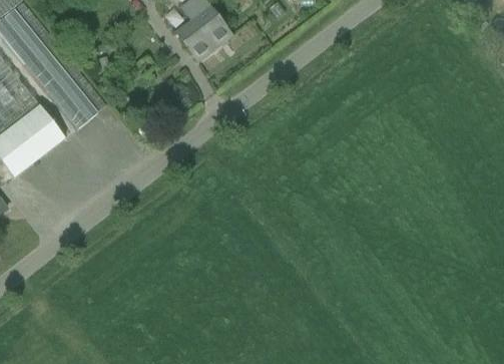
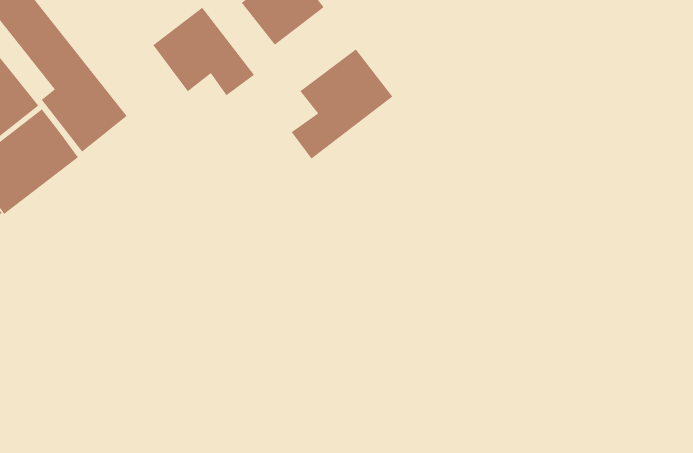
building: none -> [153,7,255,96]
building: none -> [291,49,393,160]

